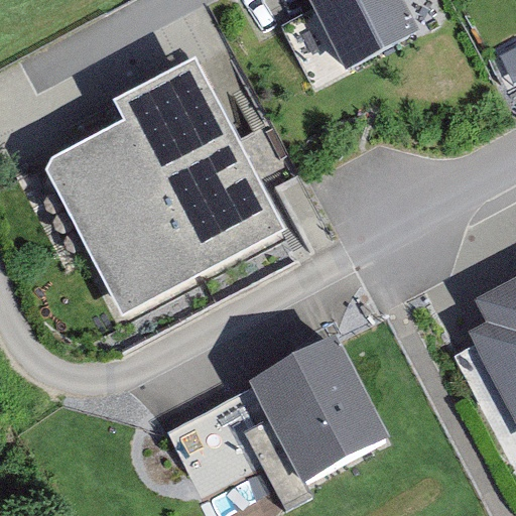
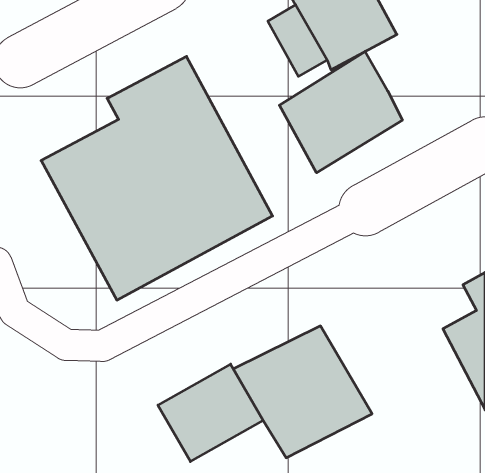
building: none -> [279,51,402,173]

